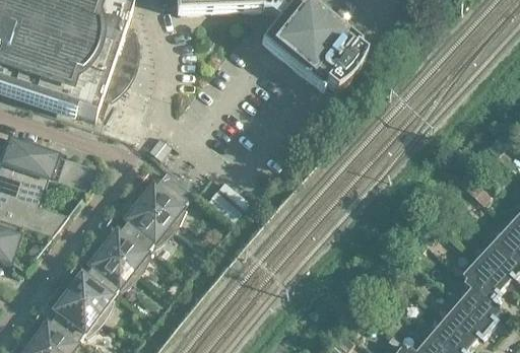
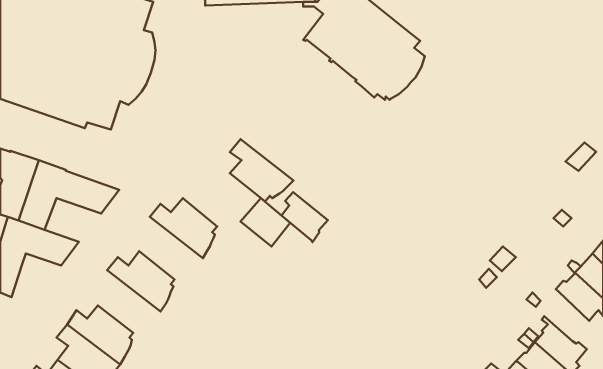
building: none -> [281,192,328,242]
building: [120,192,175,245] -> [230,139,294,202]
building: [84,237,138,291] -> none
building: [464,254,507,300] -> none

